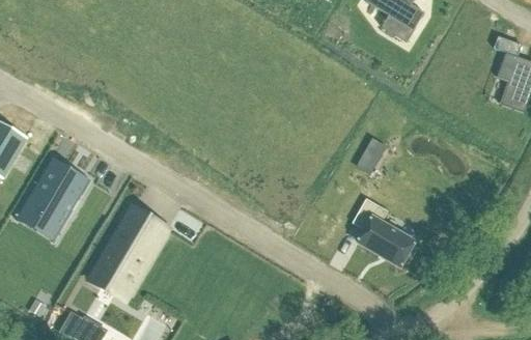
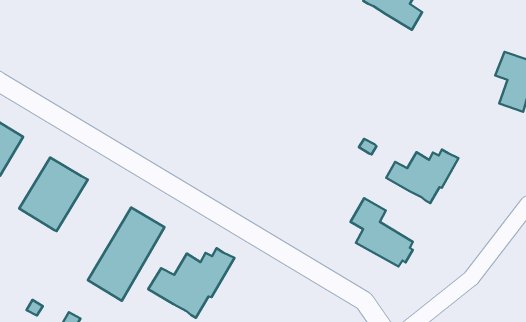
building: none -> [386,149,458,203]
building: none -> [148,248,234,318]

